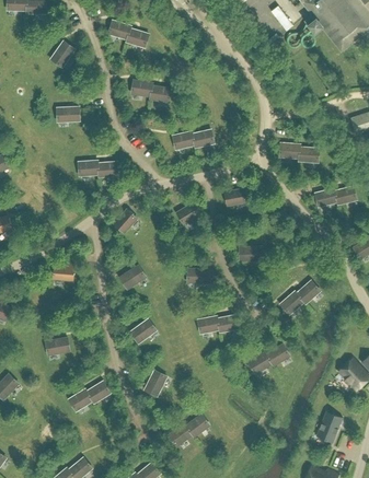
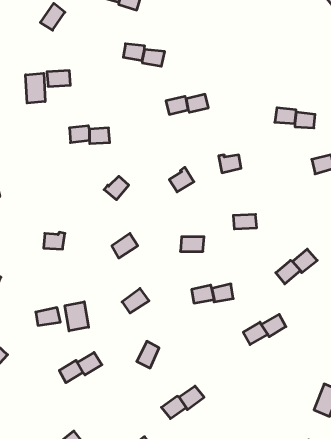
building: none -> [26,73,45,103]
building: none -> [65,302,89,331]

